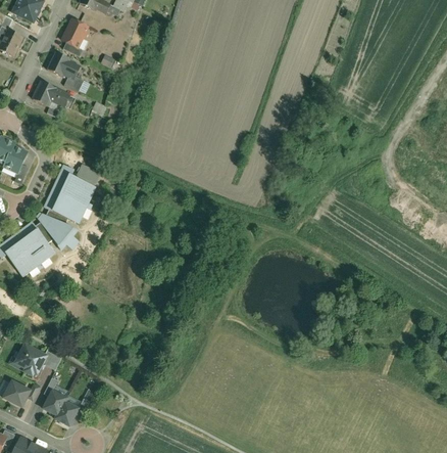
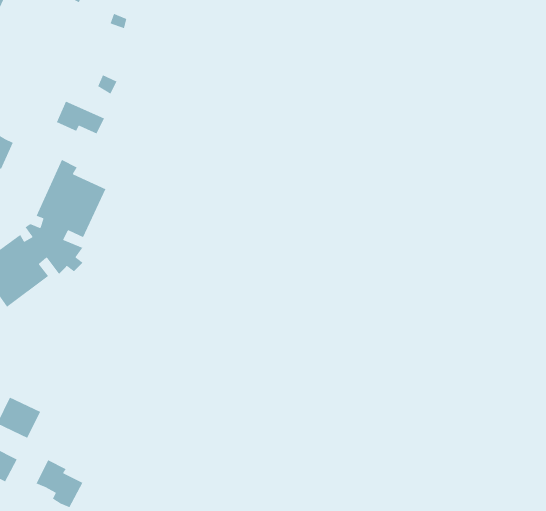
building: [49,54,81,80] -> none
building: [34,82,70,107] -> [56,101,105,135]

